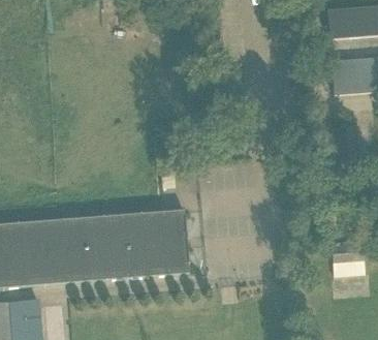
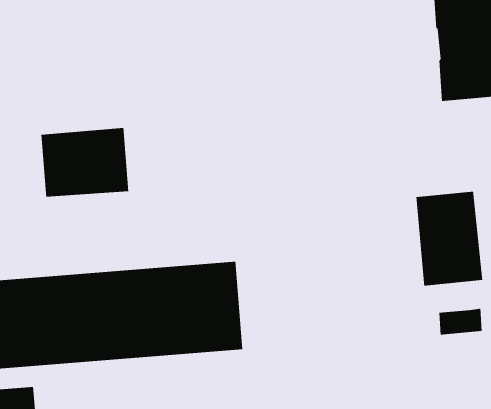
building: none -> [41,127,129,198]
building: none -> [416,191,483,286]

